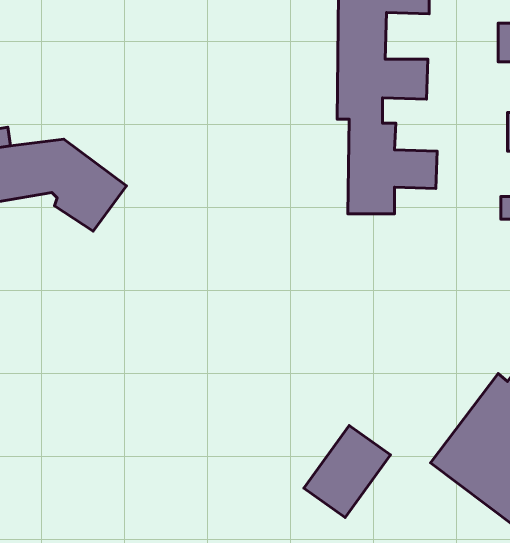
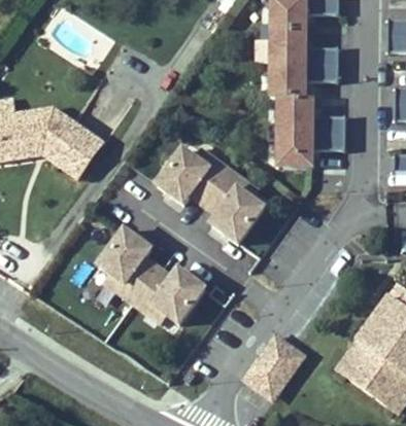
building: none -> [157,147,268,243]
building: none -> [96,227,205,324]

